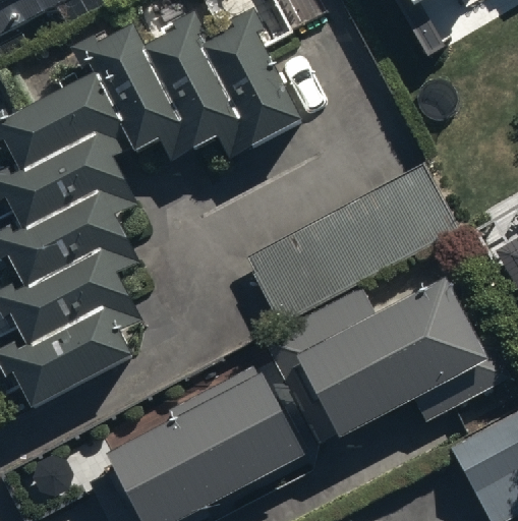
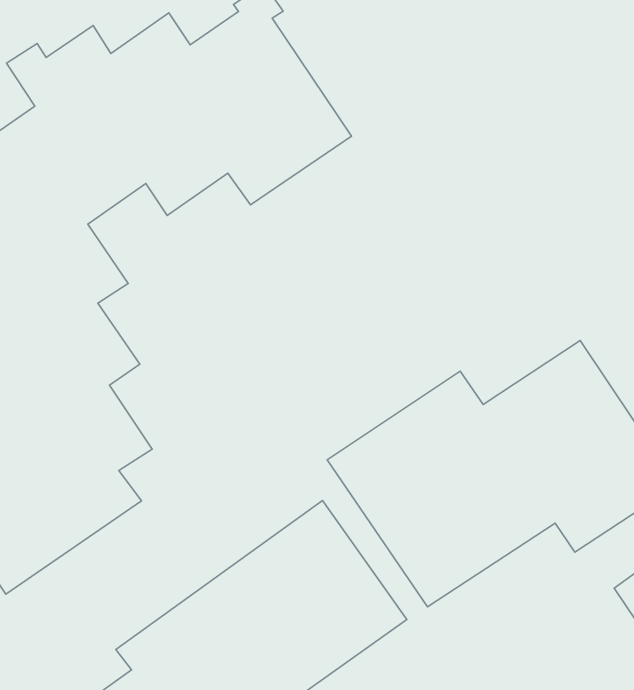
building: [245,165,458,323] -> none

